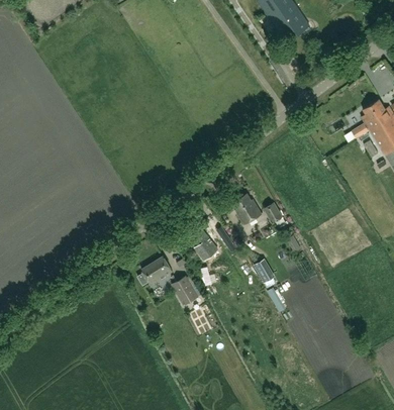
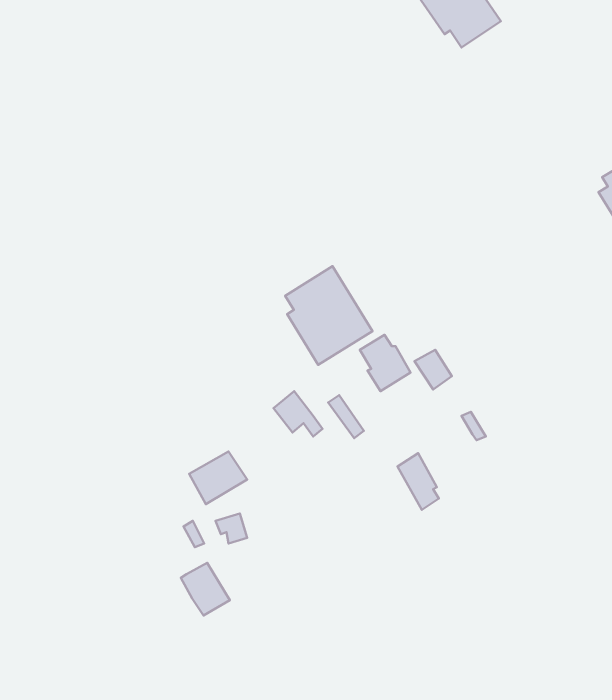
building: none -> [285,266,372,365]
building: [172,277,198,305] -> [181,563,230,615]

